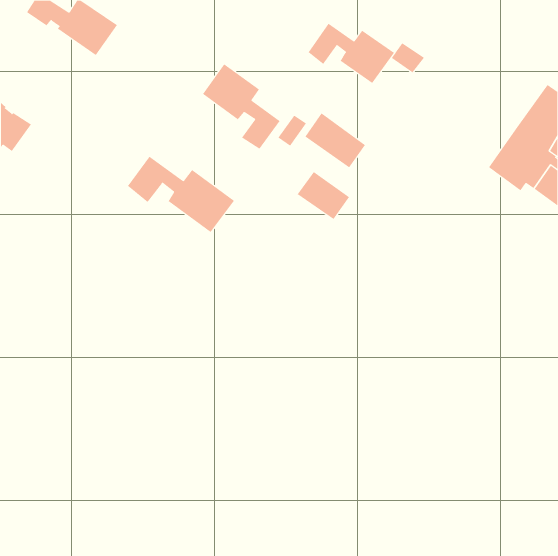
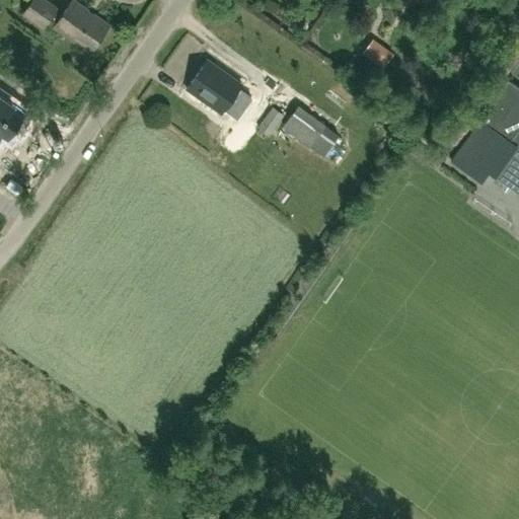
building: [308,23,395,84] -> none
building: [127,156,235,233] -> none
building: [297,171,350,220] -> none

